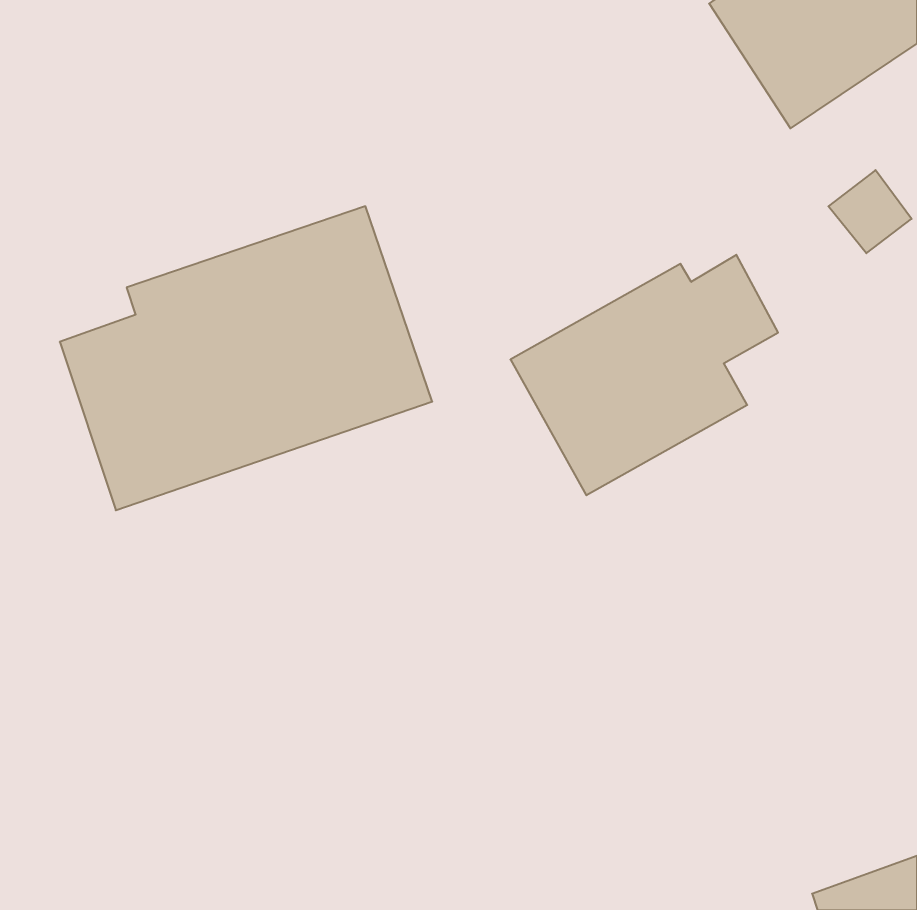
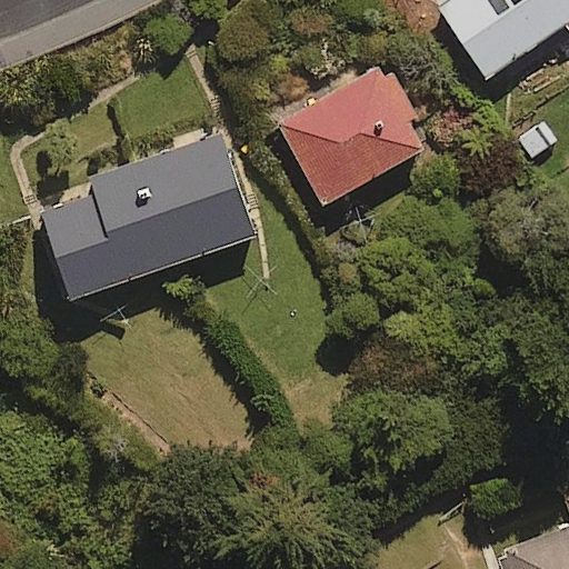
building: [510,255,778,495] -> [276,59,440,207]

